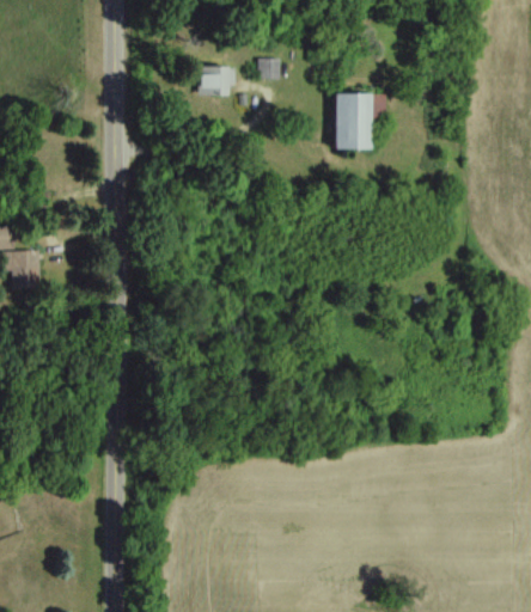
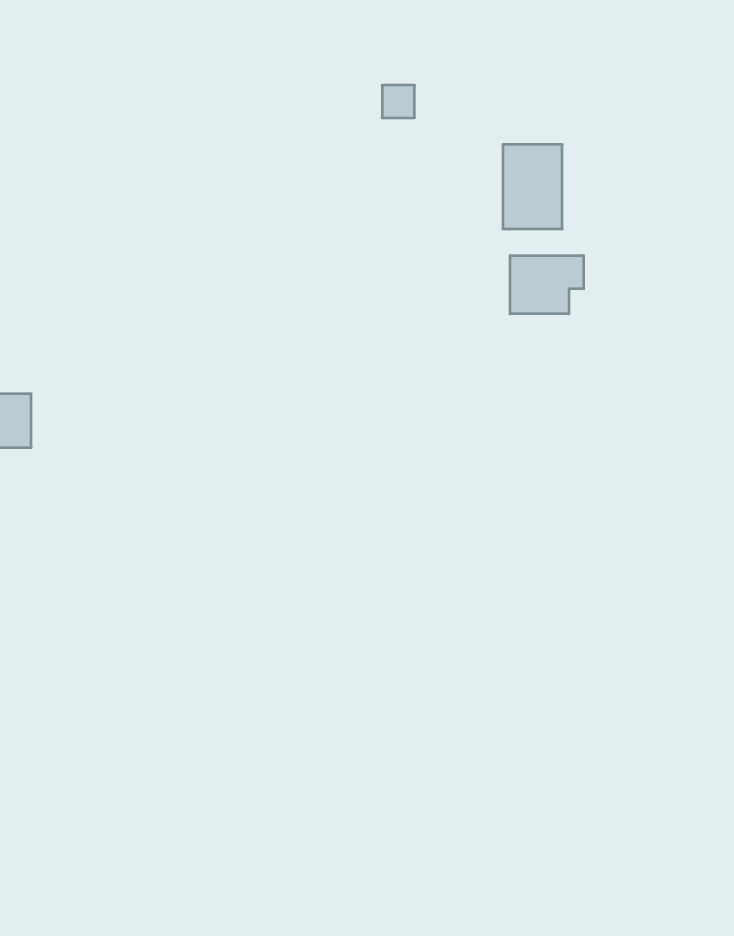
building: [199,68,231,98] -> none
building: none -> [510,255,584,314]

